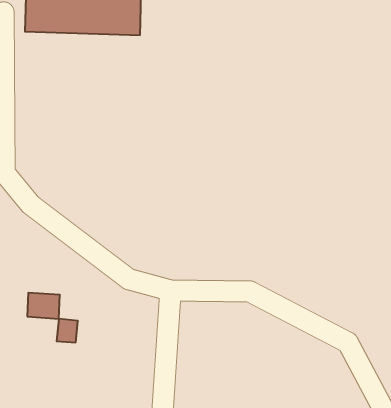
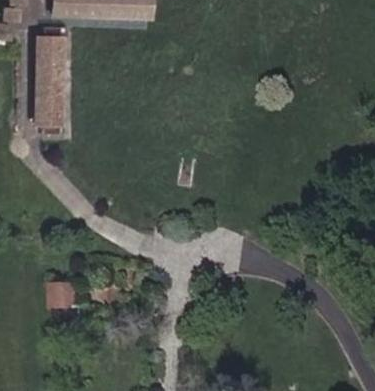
building: none -> [34,47,67,123]

